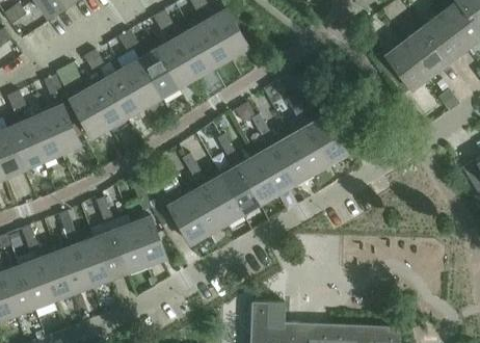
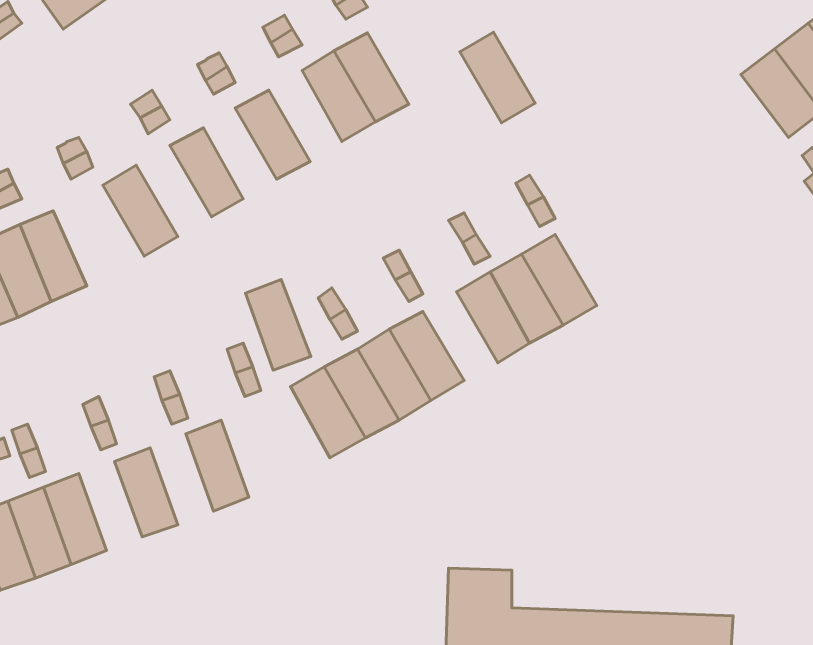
building: [208,9,247,57] -> [460,32,535,123]
building: [156,39,194,87] -> none
building: [384,42,429,89] -> none
building: [122,59,160,107] -> none
building: [86,79,126,127] -> none
building: [43,105,80,153] -> none
building: [306,115,346,163] -> none
building: [237,156,276,203] -> none
building: [131,216,165,264] -> [246,279,311,370]
building: [94,231,127,279] -> none
building: [56,245,89,292] -> none

